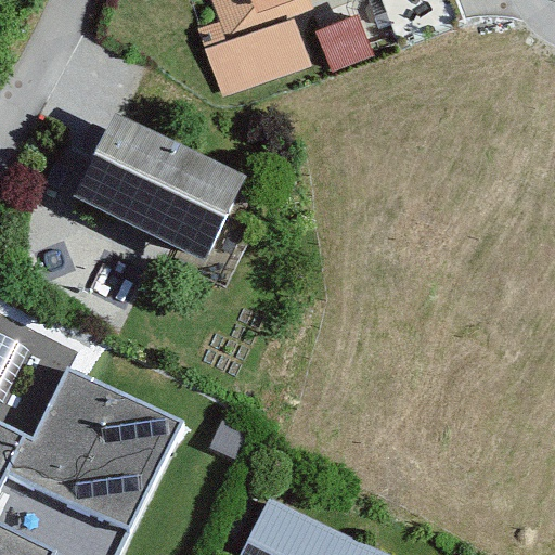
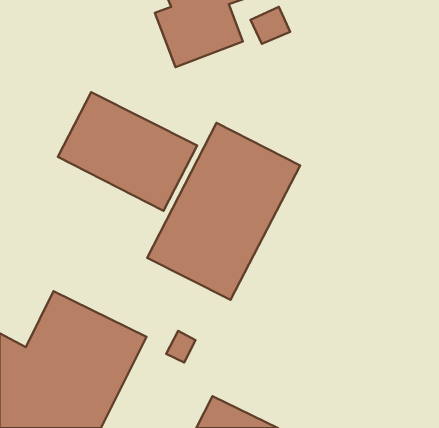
building: none -> [147,123,300,300]

